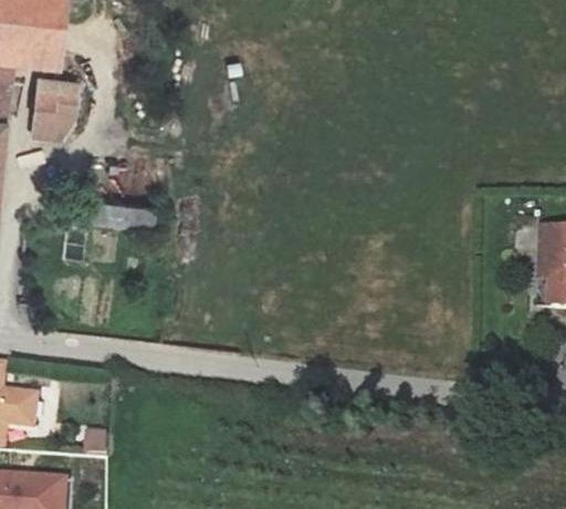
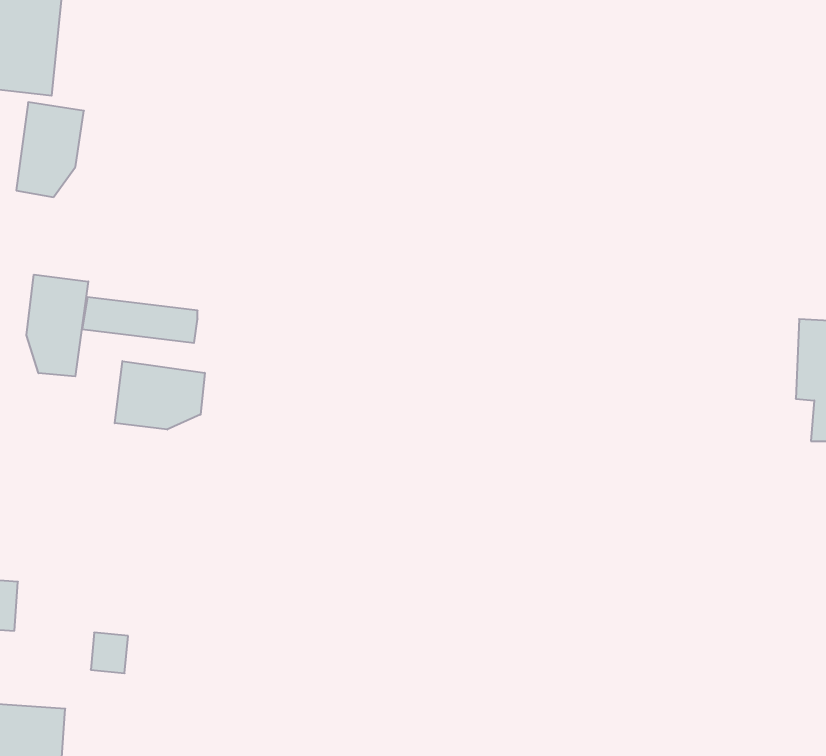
building: none -> [26,275,88,376]
building: none -> [115,361,205,430]

